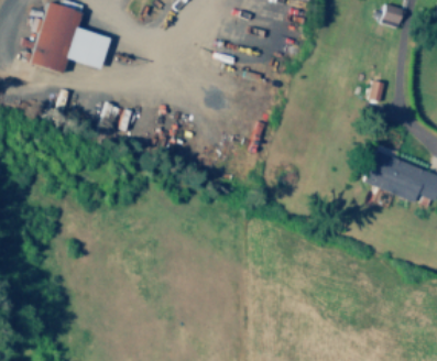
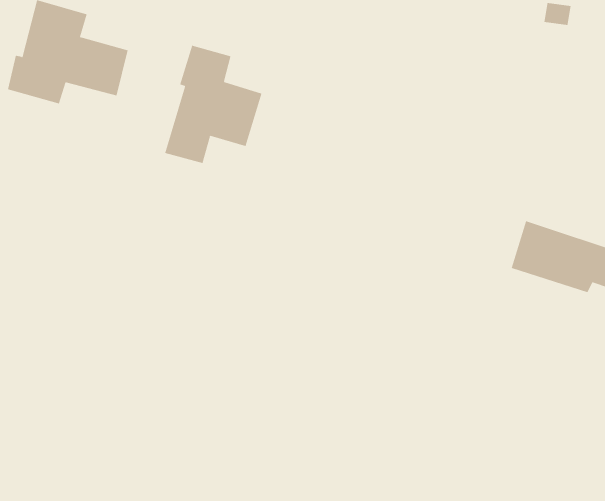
building: none -> [164,45,262,164]

